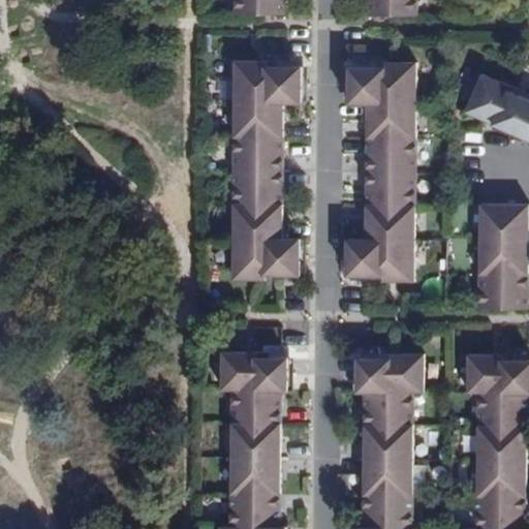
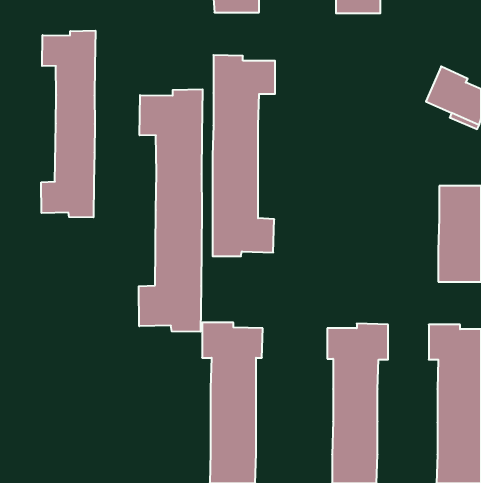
building: none -> [41,31,95,217]
building: [346,61,414,280] -> none
building: none -> [139,89,203,332]

